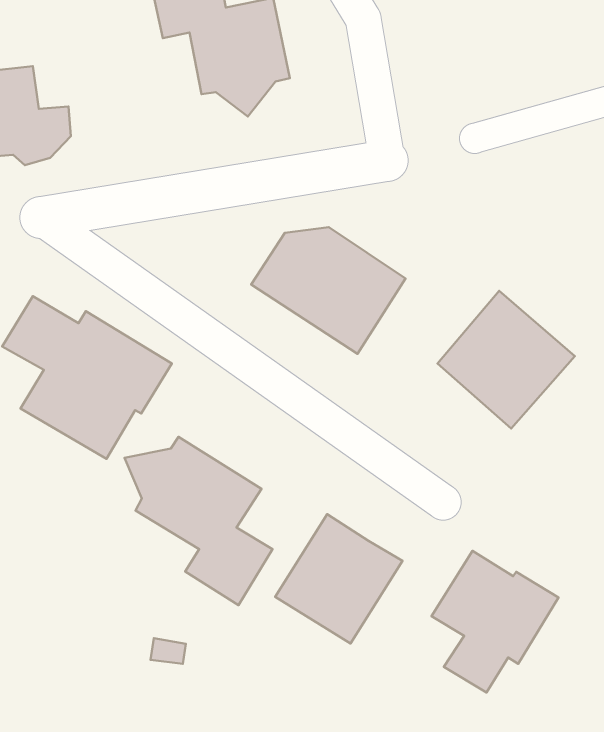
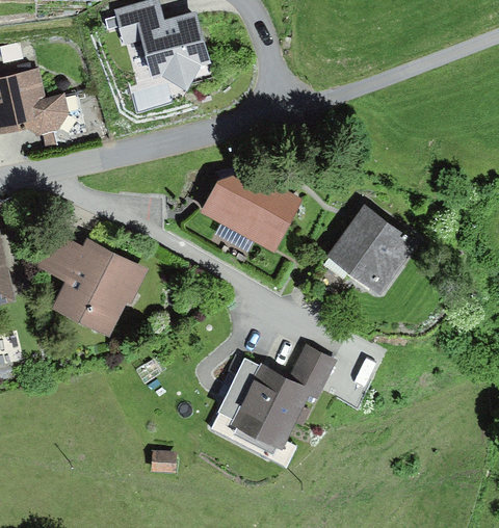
building: [125,437,272,605] -> none
building: none -> [289,346,336,391]
building: [432,551,558,692] -> none

